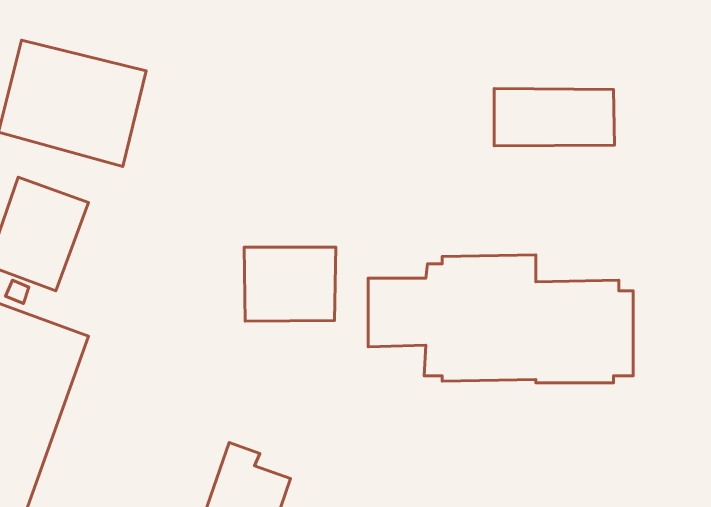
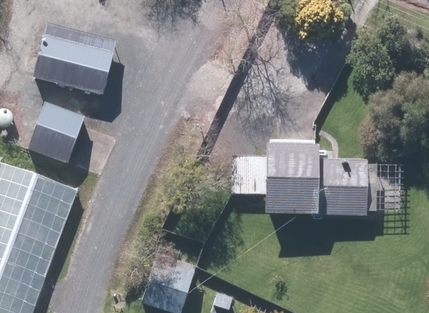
building: [494,89,614,146] -> none
building: [244,247,336,321] -> none

